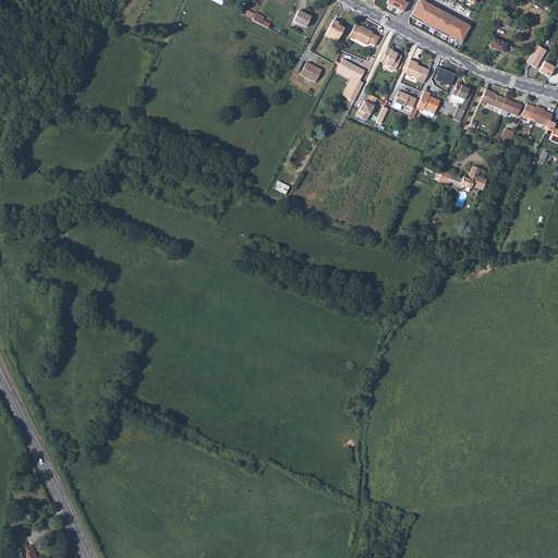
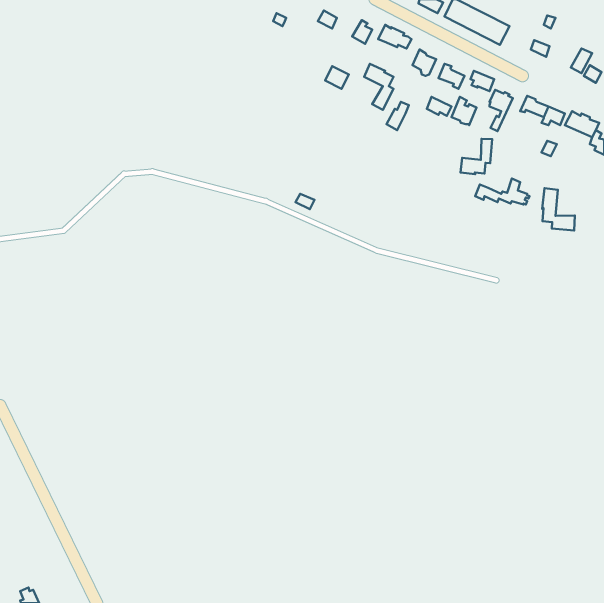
building: none -> [460,139,492,174]
building: none -> [542,188,575,230]

